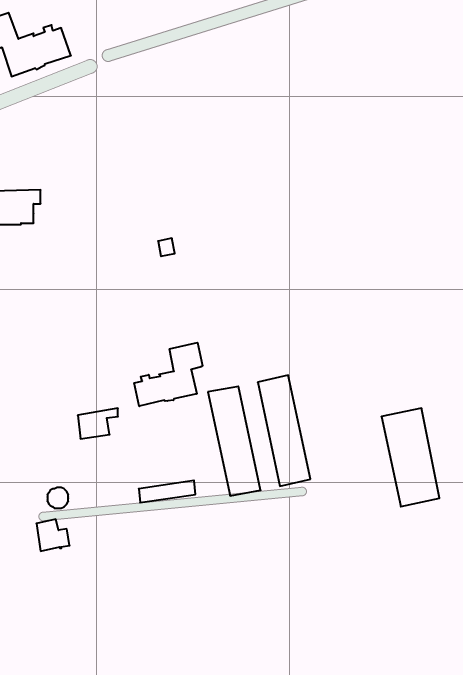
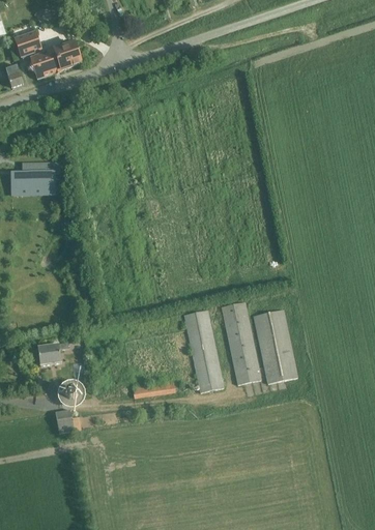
building: [134,343,202,406] -> none
building: [78,408,118,439] -> [37,342,67,364]
building: [381,408,439,507] -> [253,308,296,382]

